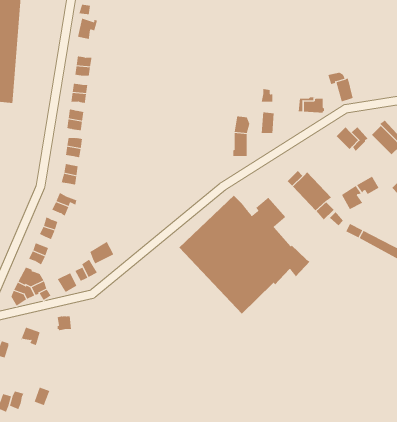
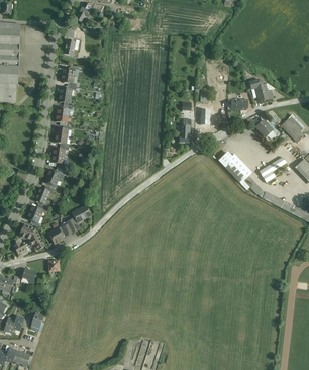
building: [178,195,311,315] -> none

